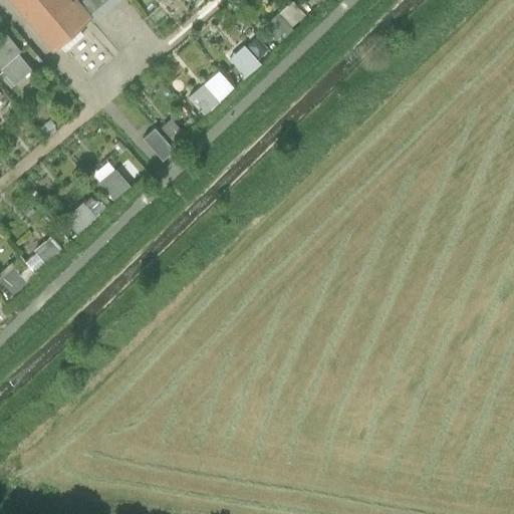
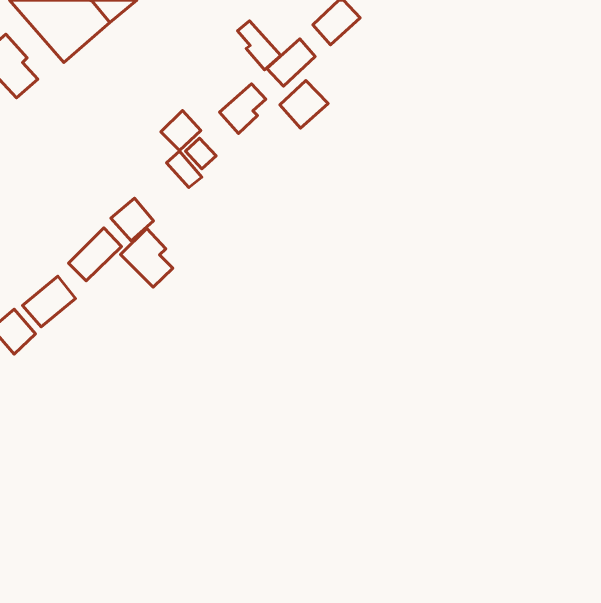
building: none -> [238,21,281,70]
building: none -> [280,80,328,128]
building: none -> [161,111,201,150]
building: none -> [121,228,173,287]

